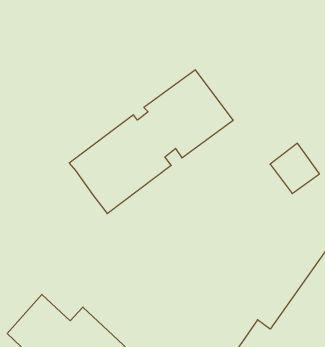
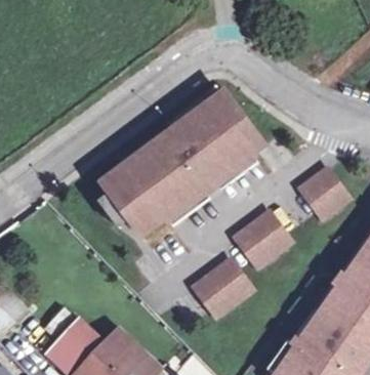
building: none -> [235,212,291,266]
building: none -> [194,260,252,316]

